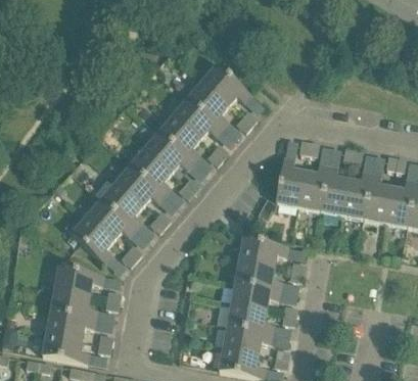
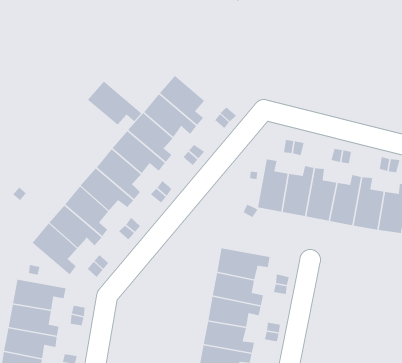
building: [201,64,251,105] -> [87,81,142,126]

